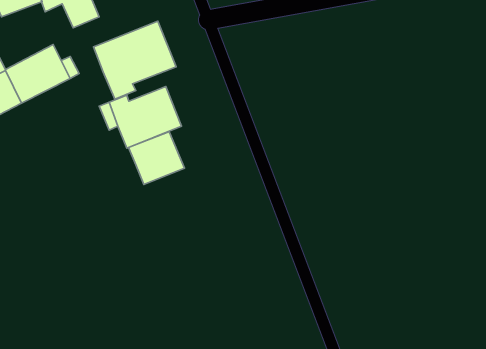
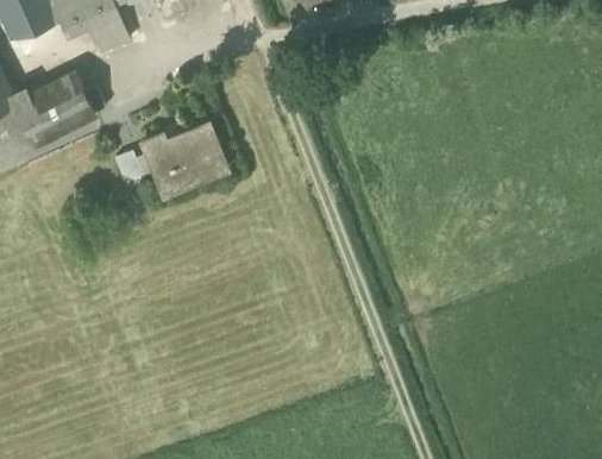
building: [93,21,176,99] -> none
building: [129,132,185,185] -> none

